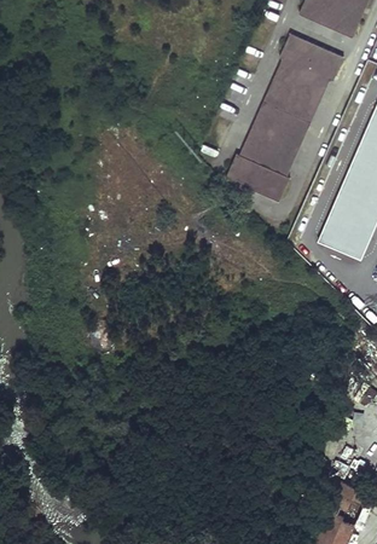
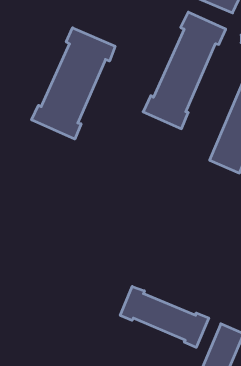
building: none -> [32,28,115,139]
building: none -> [120,286,209,347]

